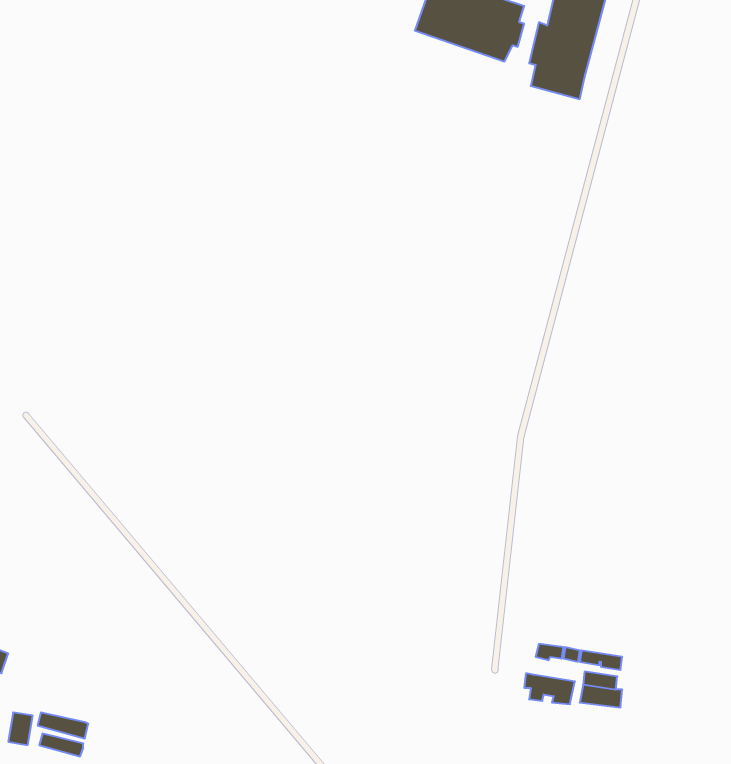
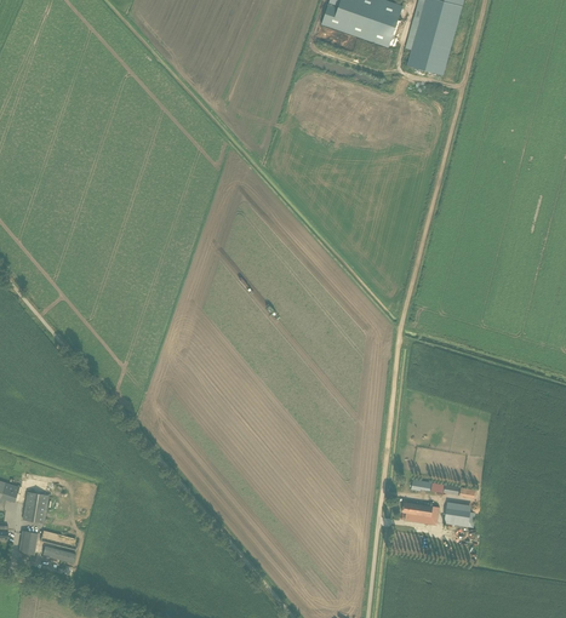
building: none -> [21,491,48,522]

